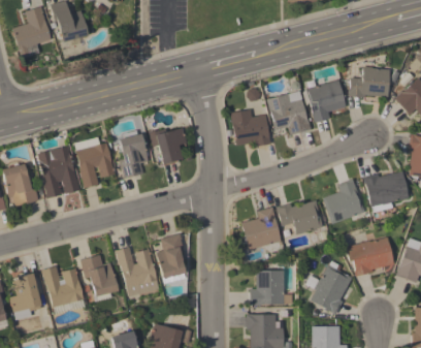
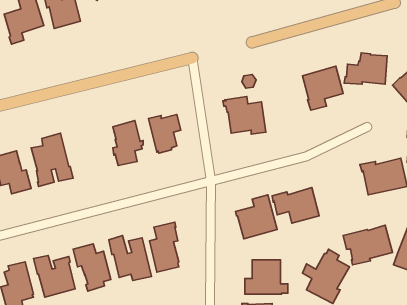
building: [267,91,312,135] -> none
building: [74,135,115,188] -> none
building: [322,179,365,224] -> none

